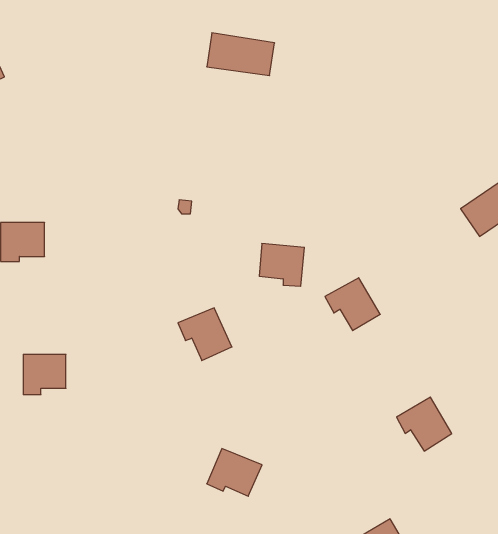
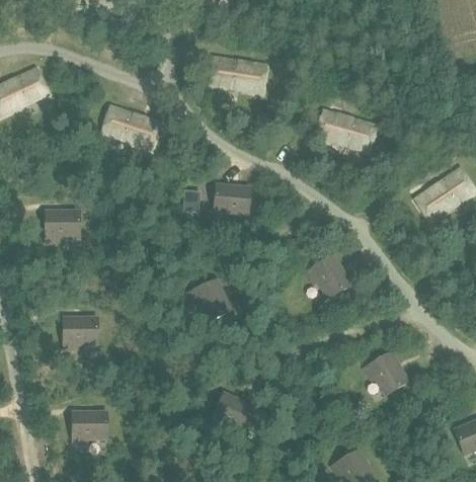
building: none -> [102,105,160,148]
building: none -> [316,109,376,151]
building: [259,244,304,286] -> [214,183,250,218]
building: none -> [72,411,106,443]

